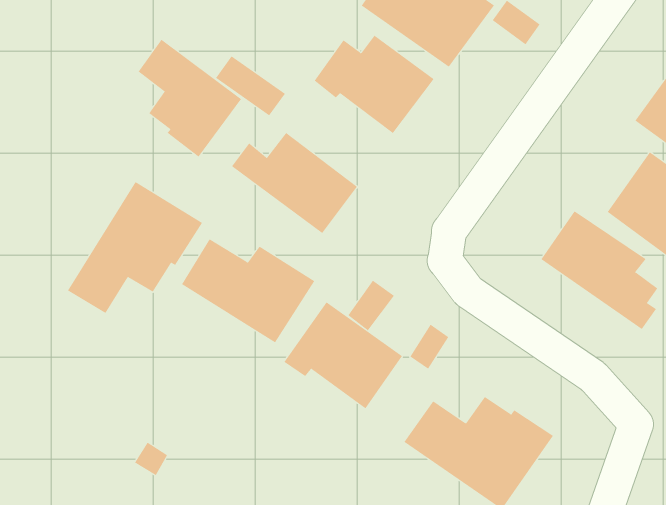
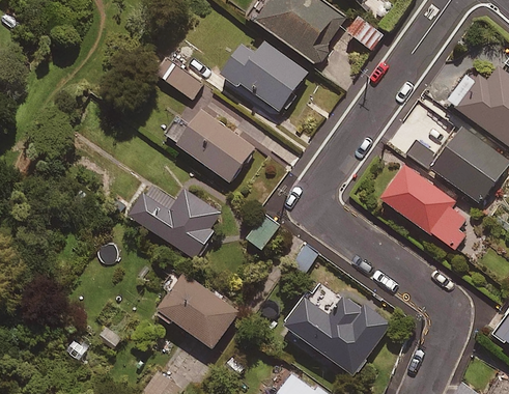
building: [138,39,242,157] -> none
building: [67,181,203,314] -> none
building: [284,302,403,409] -> [154,274,238,349]

